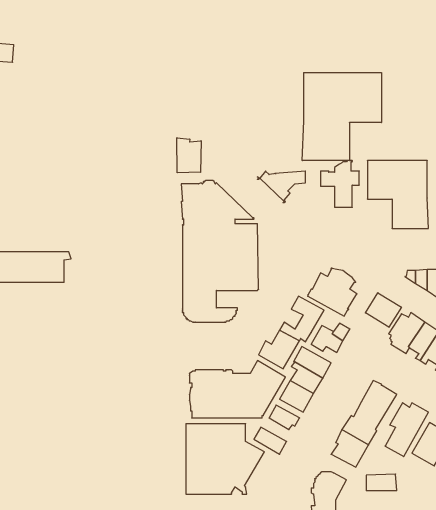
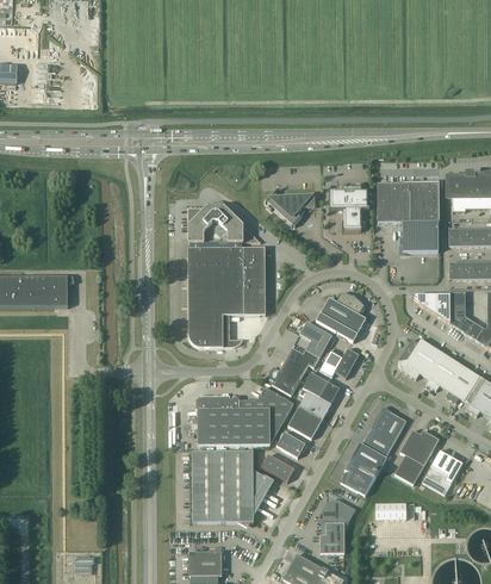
building: [302,73,381,161] -> none
building: [177,138,201,173] -> none
building: [365,293,401,327] -> none

